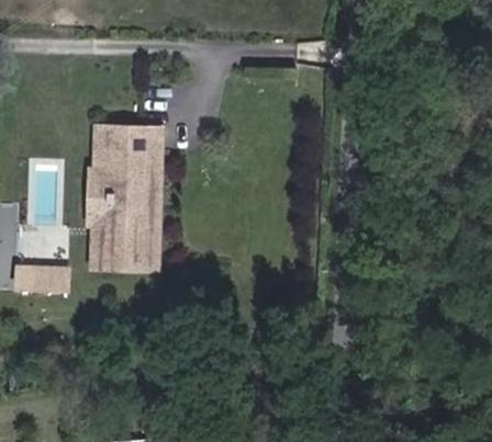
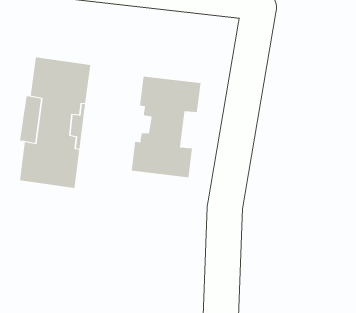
building: none -> [131,76,201,178]

